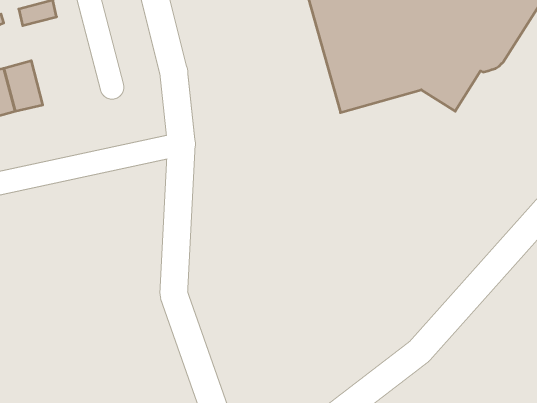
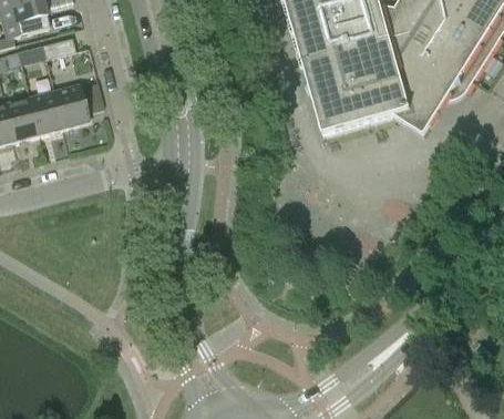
building: none -> [51,83,86,129]

